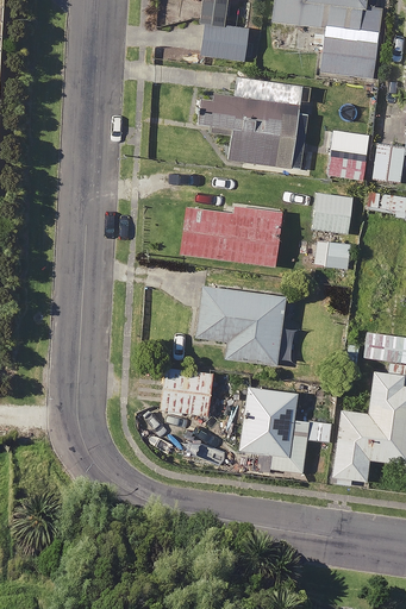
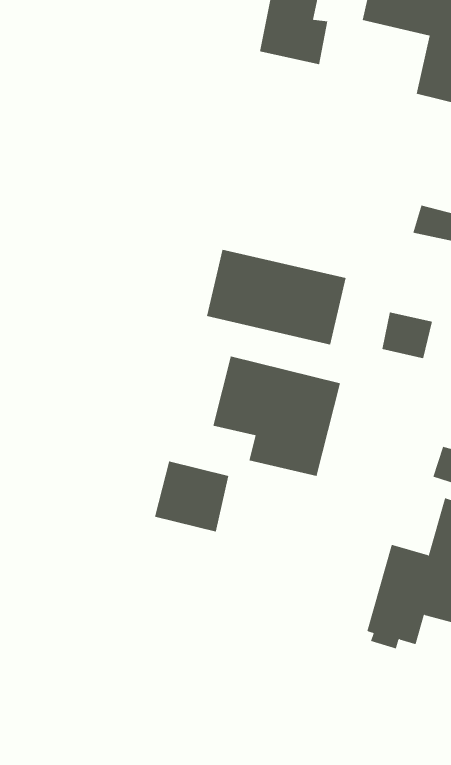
building: [196,80,302,169] -> none
building: [312,193,351,233] -> none
building: [237,387,330,472] -> none

